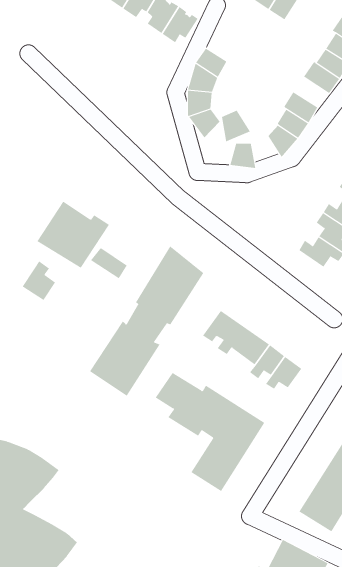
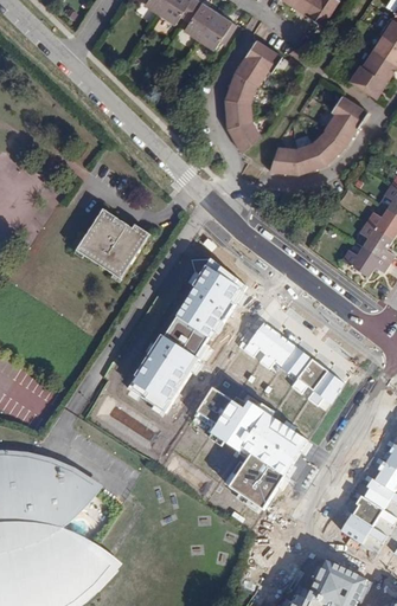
building: none -> [245,37,282,69]
building: [221,110,251,142] -> [293,143,324,176]
building: [90,247,127,279] -> none
building: [22,261,56,301] -> none

